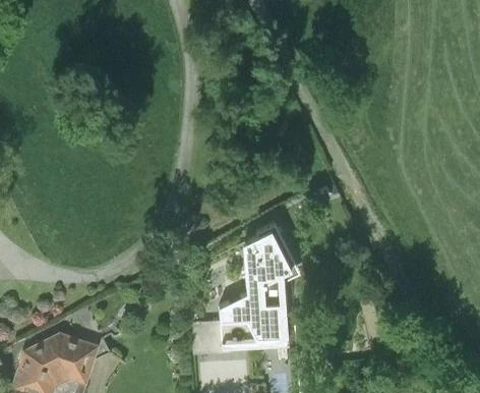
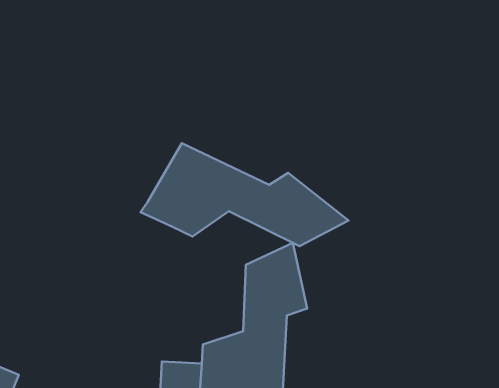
building: none -> [141,143,349,246]

